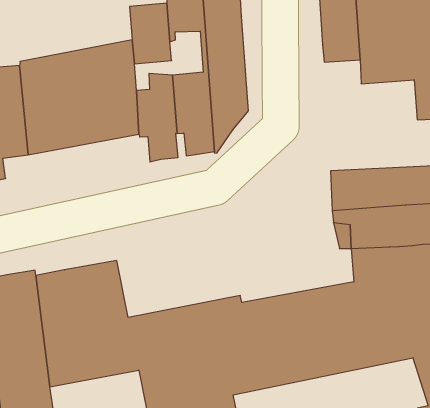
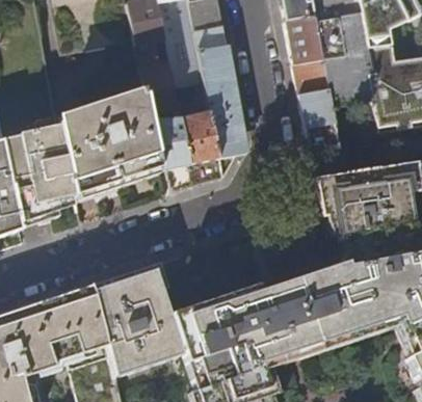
building: none -> [299,87,338,152]

